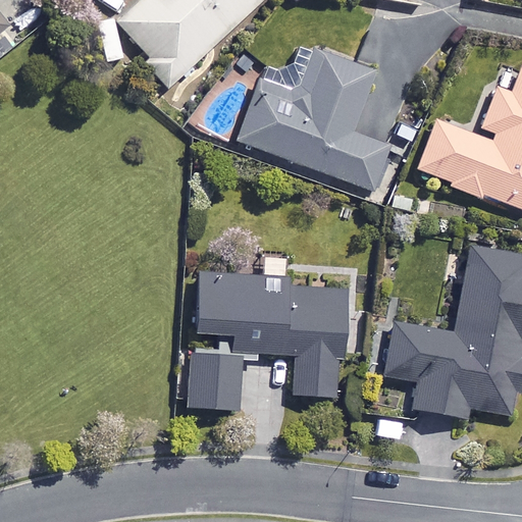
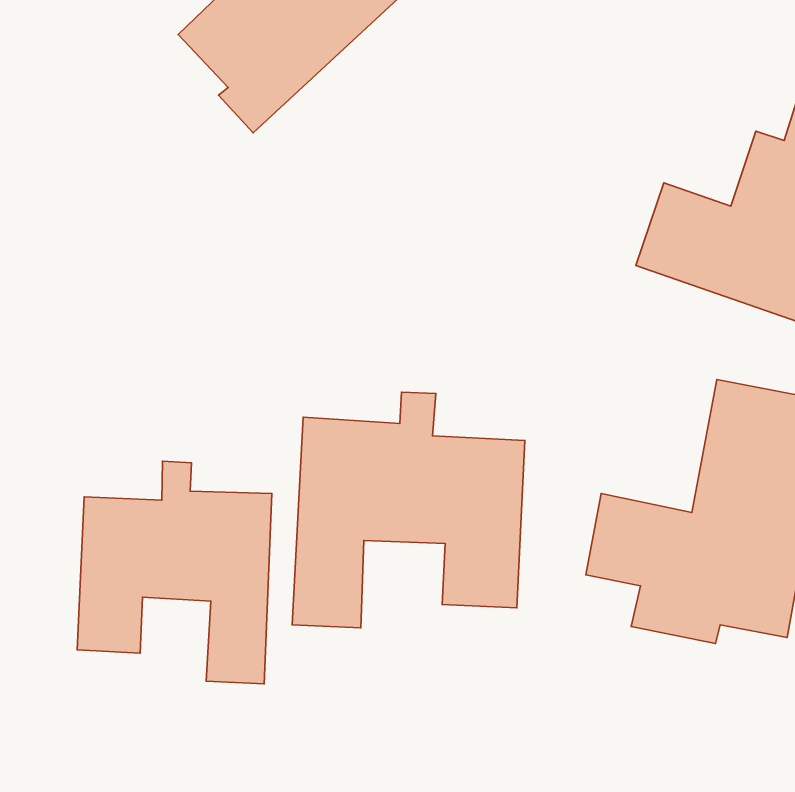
building: [239,49,389,190] -> none
building: none -> [77,461,272,684]

